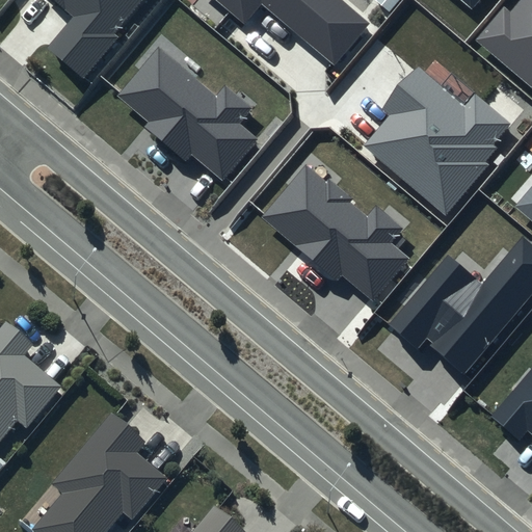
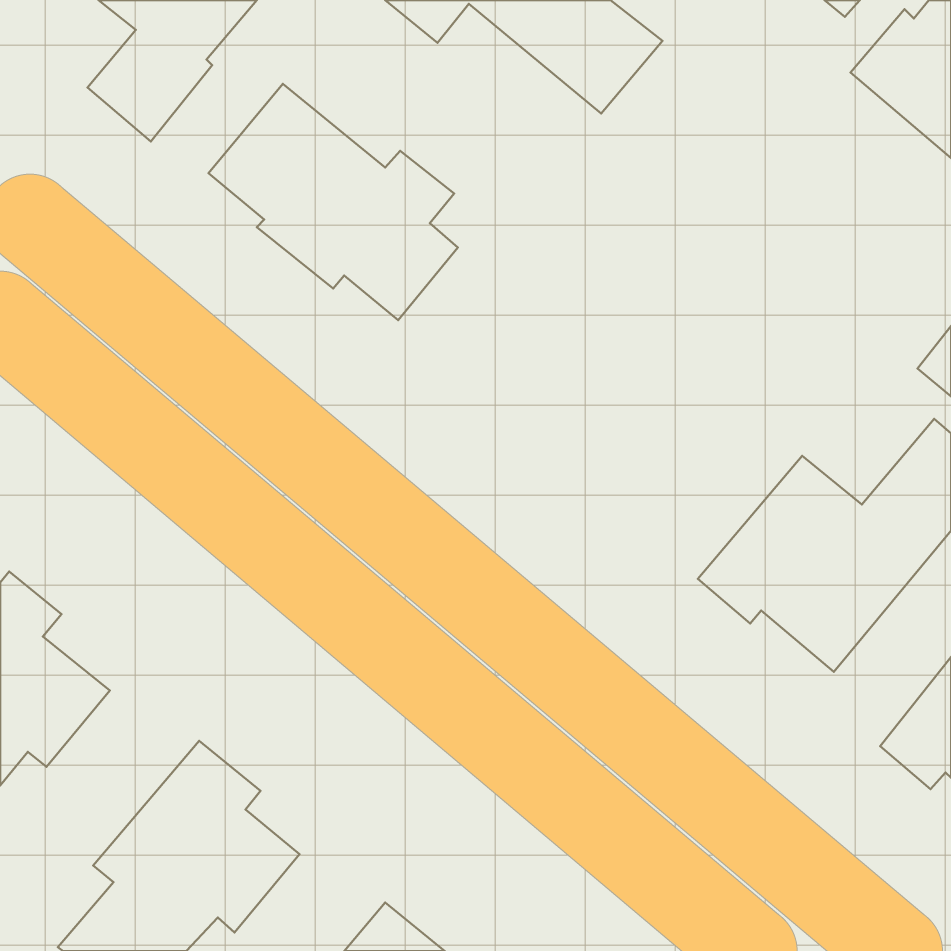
building: [364,70,511,215] -> none
building: [262,165,410,301] -> none

